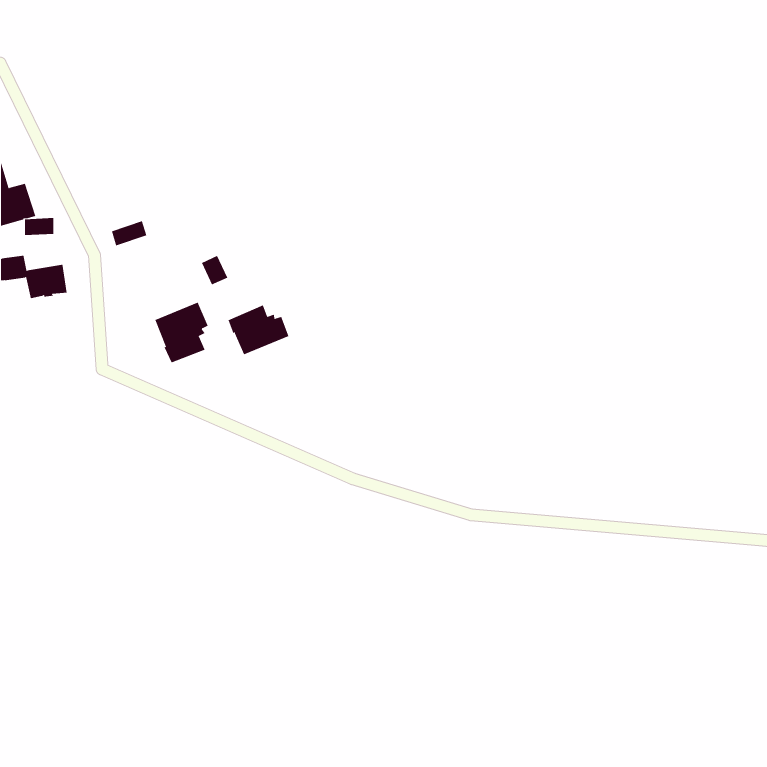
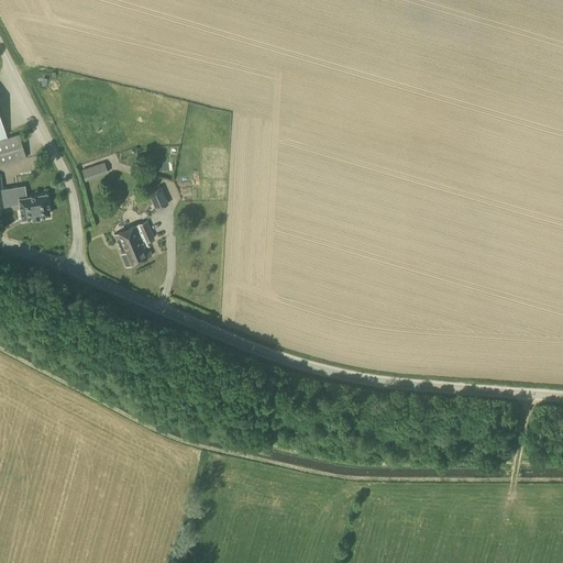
building: [228,305,289,355] -> none

